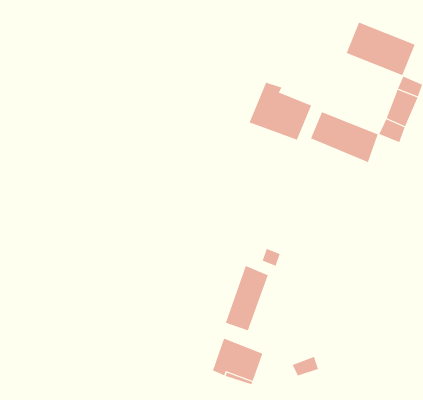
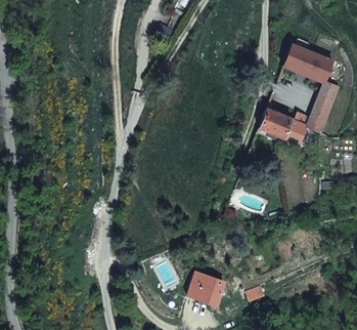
building: [249,82,312,141] -> none
building: [225,265,268,331] -> none

